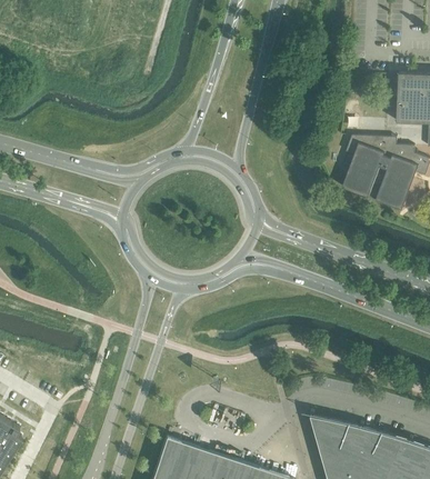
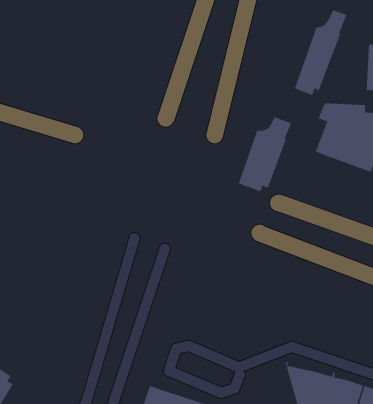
building: none -> [294,10,347,96]
building: none -> [238,116,292,192]

